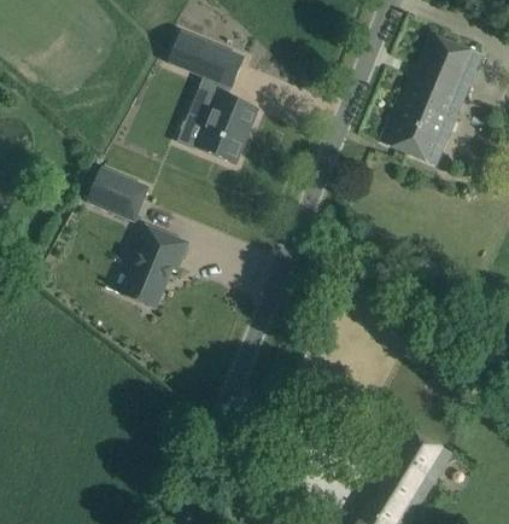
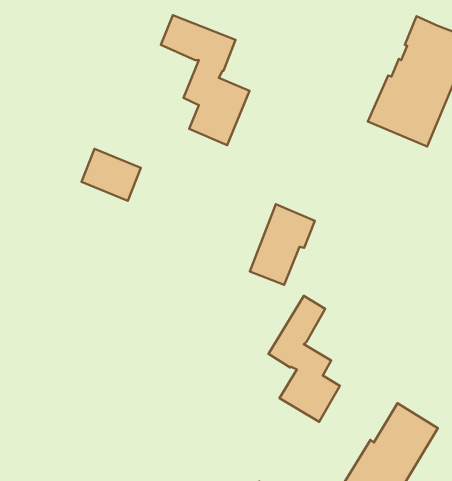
building: [122,225,188,307] -> [250,204,315,285]
building: none -> [268,296,340,422]

